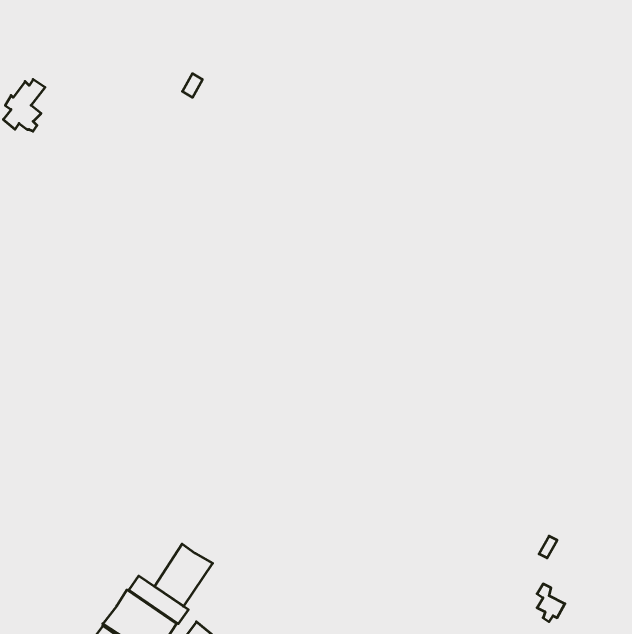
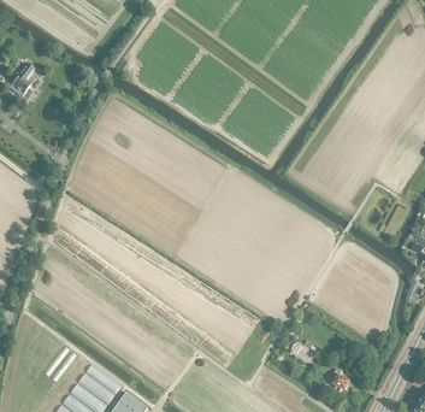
building: [154,544,213,606] -> none

